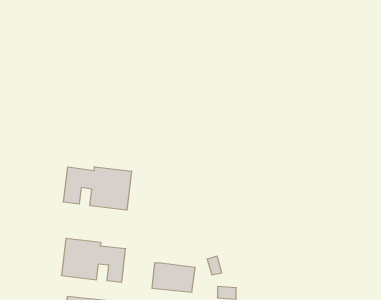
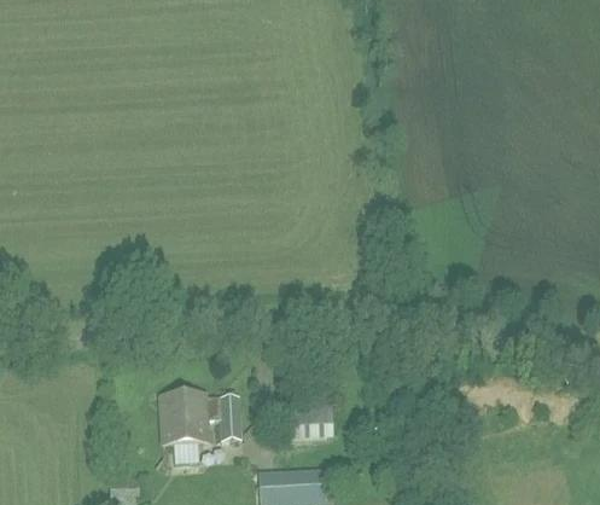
building: [64,167,131,210] -> none

